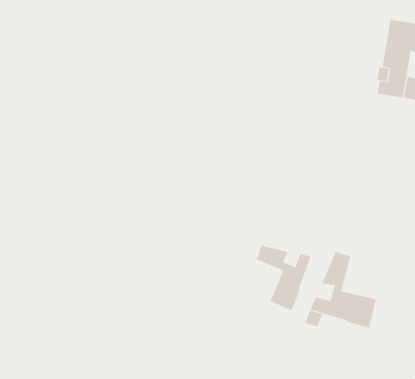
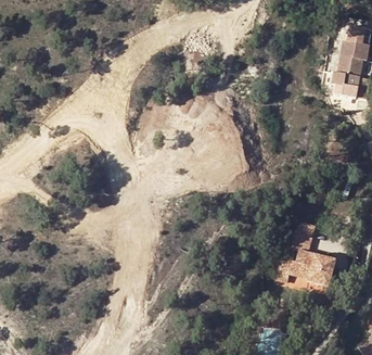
building: [256,245,311,311] -> none

